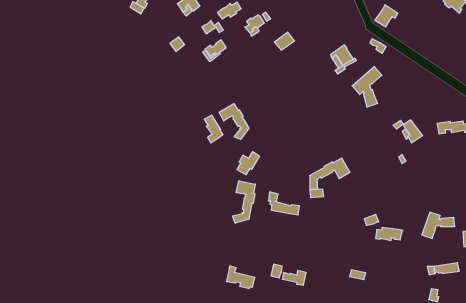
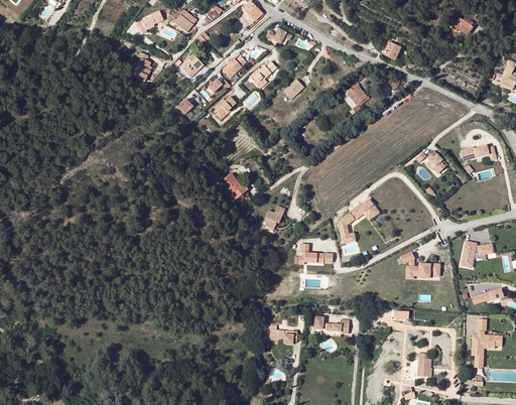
building: [352,66,382,107] -> none
building: [219,104,249,139] -> none
building: [233,181,255,223] -> none

